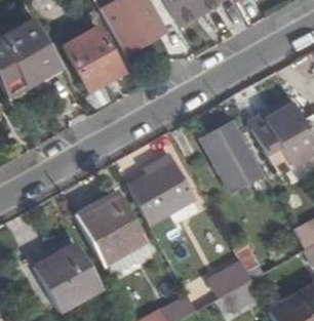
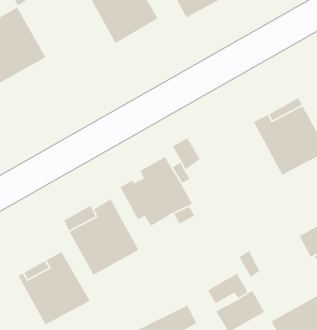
building: [64,26,122,89] -> none
building: [203,122,263,192] -> none

